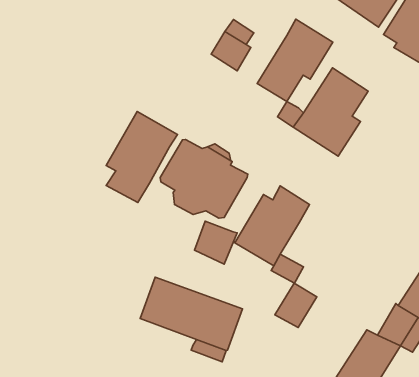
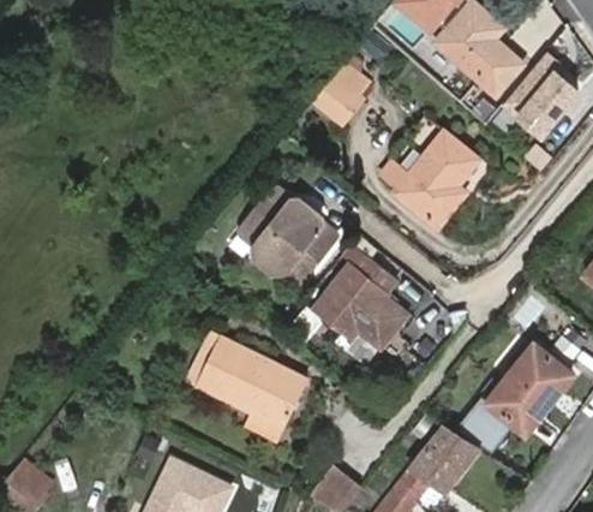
building: [257,19,333,102] -> none
building: [106,111,177,203] -> none
building: [195,221,237,264] -> none
building: [275,283,317,328] -> [360,297,408,346]

